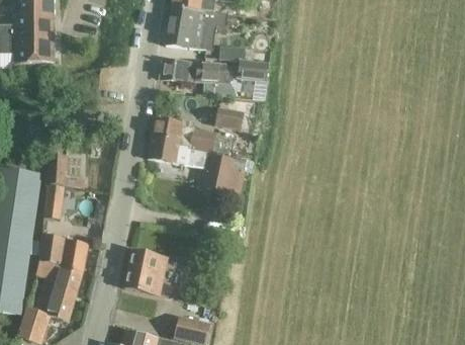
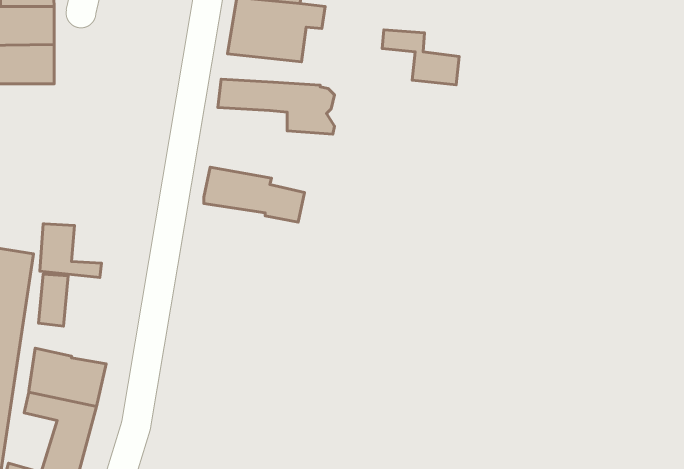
building: [218,46,268,81] -> [382,30,459,85]
building: [214,107,248,131] -> none
building: [148,140,248,191] -> none
building: [123,249,168,294] -> none

